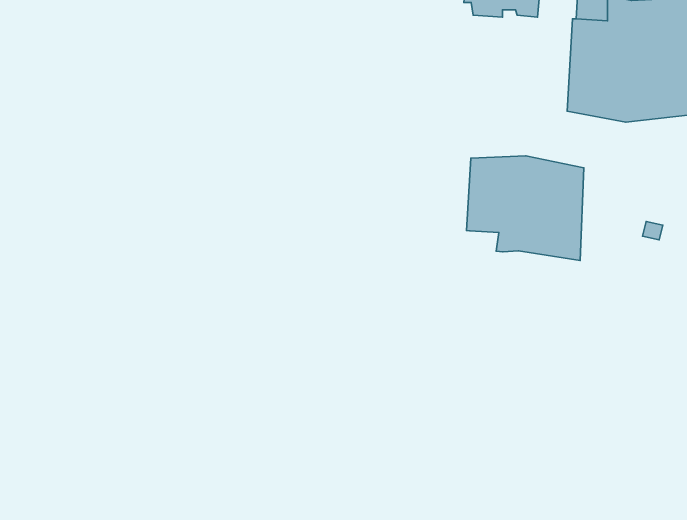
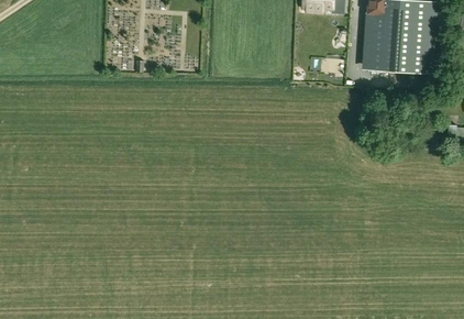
building: [467,156,584,261] -> none

